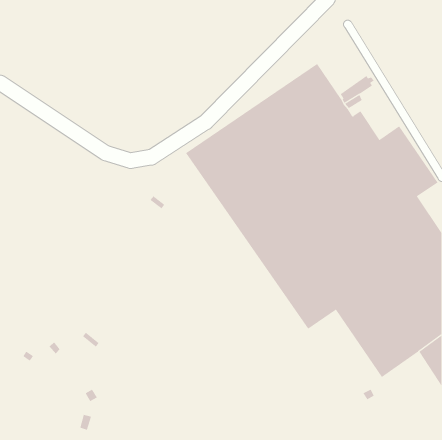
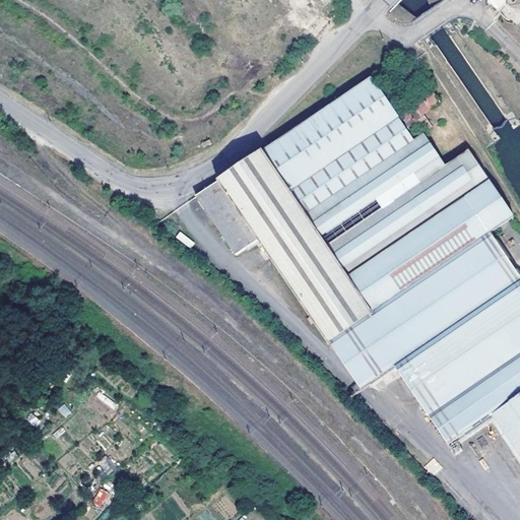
building: none -> [195,182,256,252]

